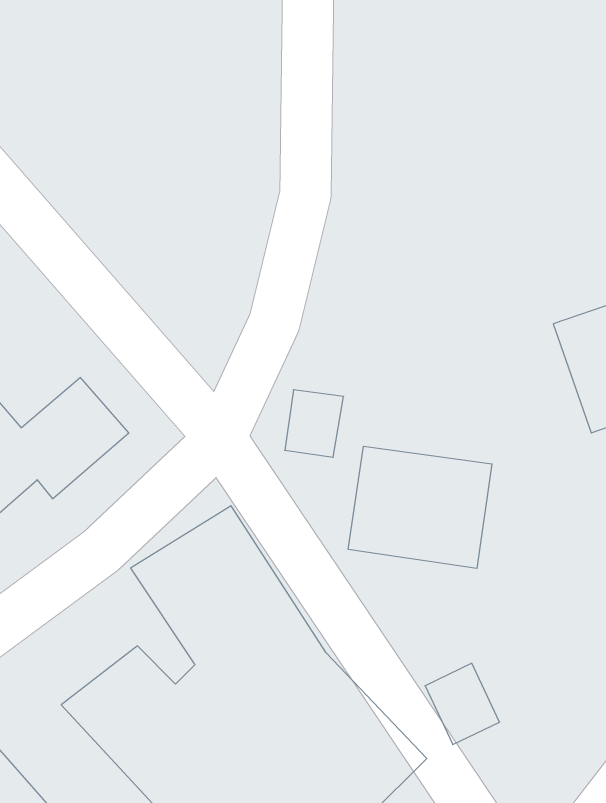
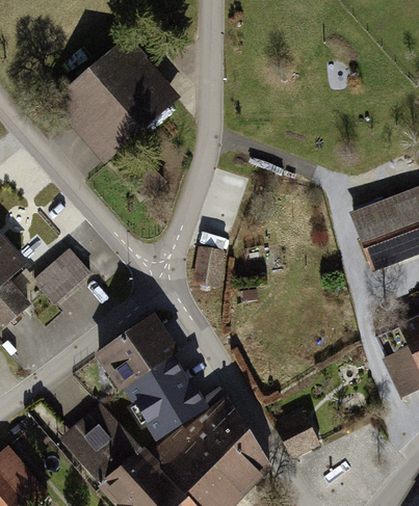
building: none -> [51,38,179,164]
building: [348,446,492,568] -> none

